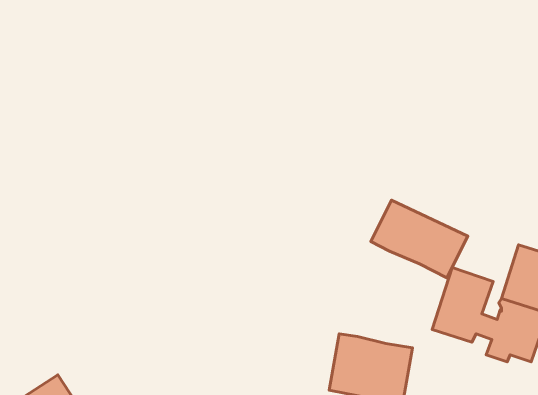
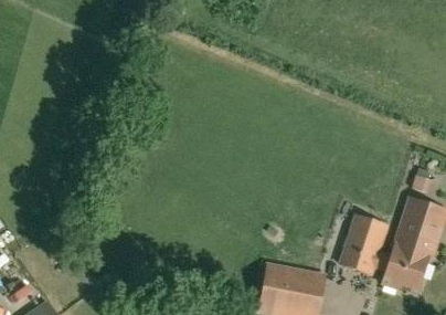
building: [371,200,468,278] -> none

